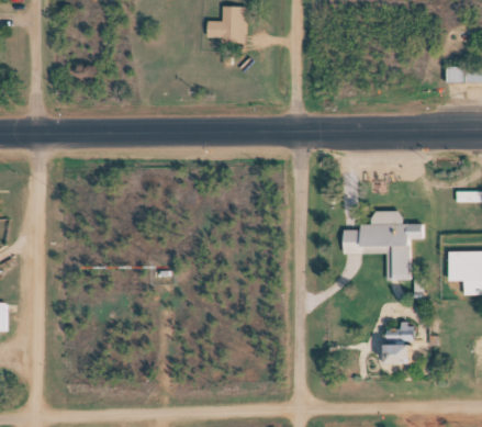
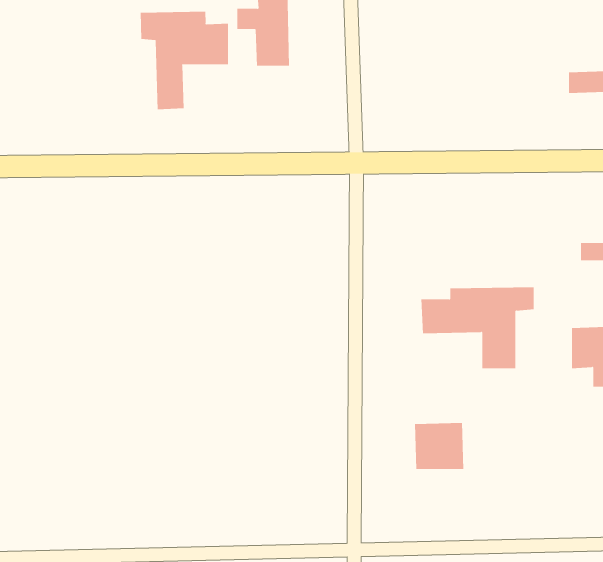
building: none -> [140,11,229,110]
building: [382,329,418,363] -> [414,422,464,470]

